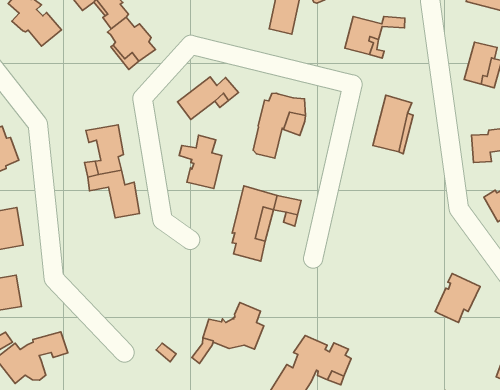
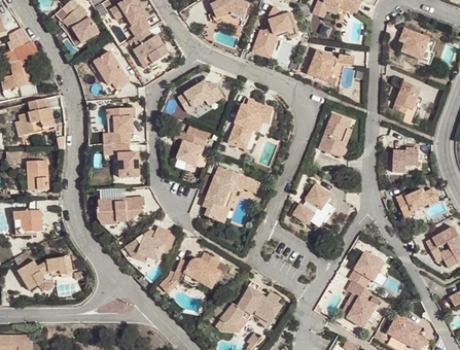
building: none -> [93,51,128,87]
building: none -> [292,184,331,226]
building: none -> [96,197,144,224]
building: none -> [121,226,169,275]
building: none -> [346,280,375,327]

